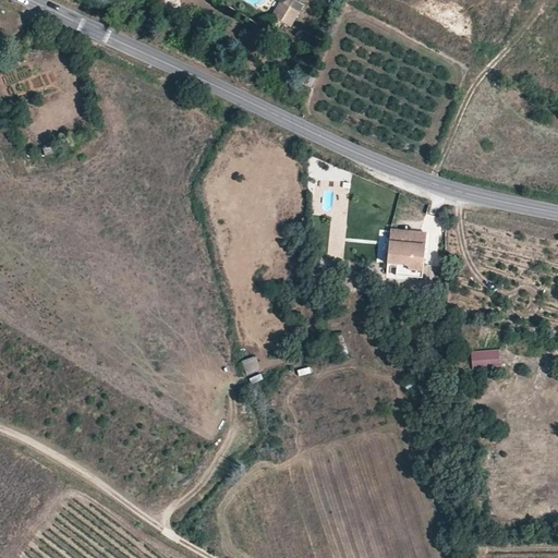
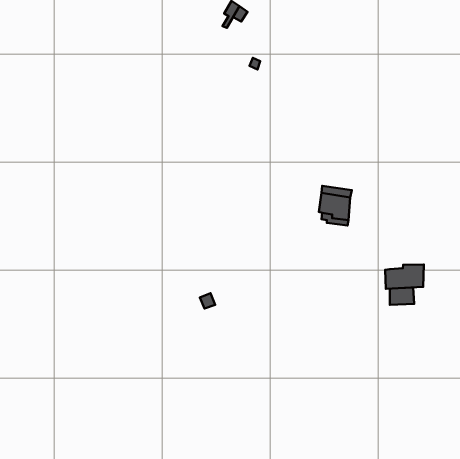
building: none -> [385,264,424,289]

